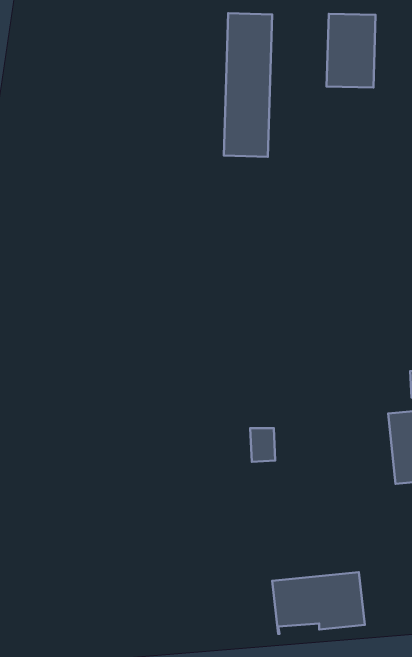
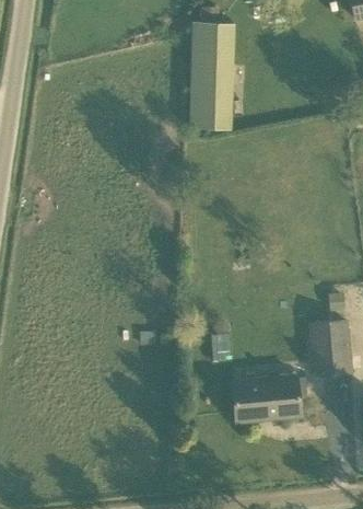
building: [327,14,376,87] -> none
building: [272,572,365,634] -> [235,374,304,420]

